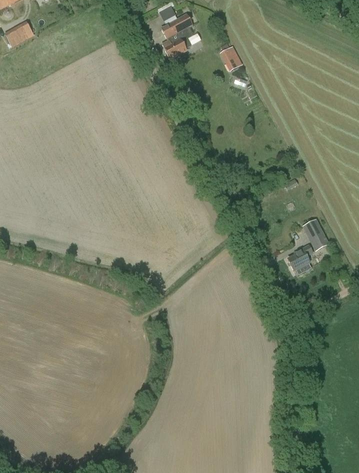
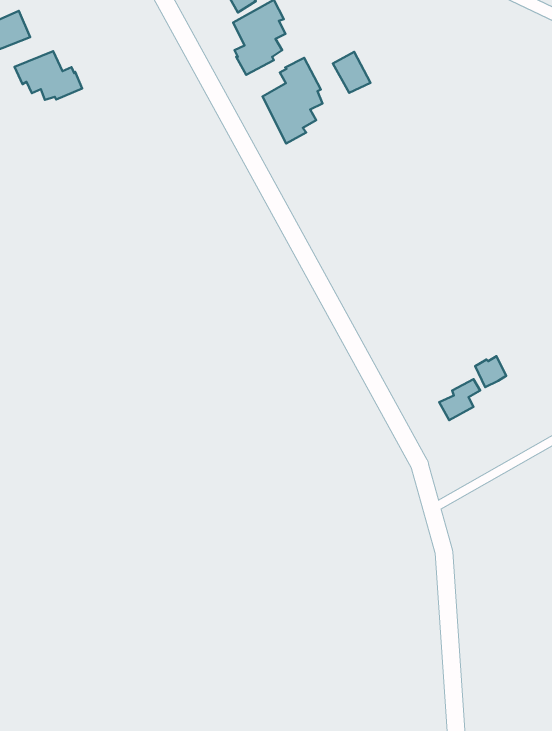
building: none -> [15,51,82,100]
building: none -> [263,58,323,144]

